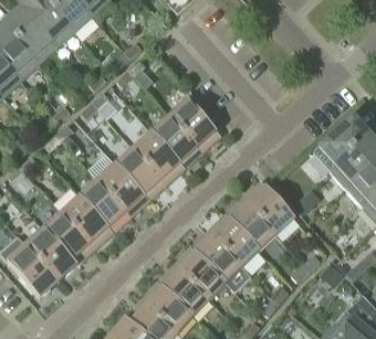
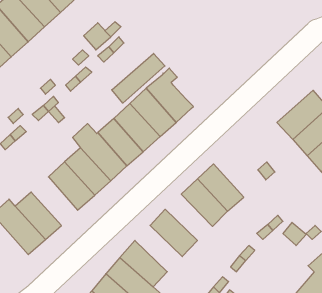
building: none -> [112,53,165,103]
building: [243,180,294,233] -> none
building: [43,211,94,264] -> none
building: [190,230,251,292] -> none
building: [157,264,209,315] -> none

